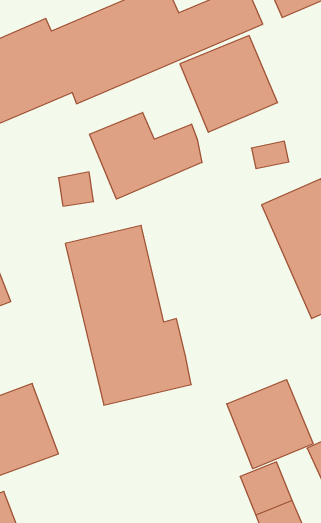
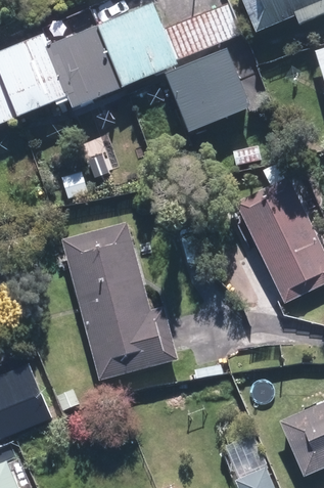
building: [89,112,202,199] -> none
building: [227,380,313,469] -> none

